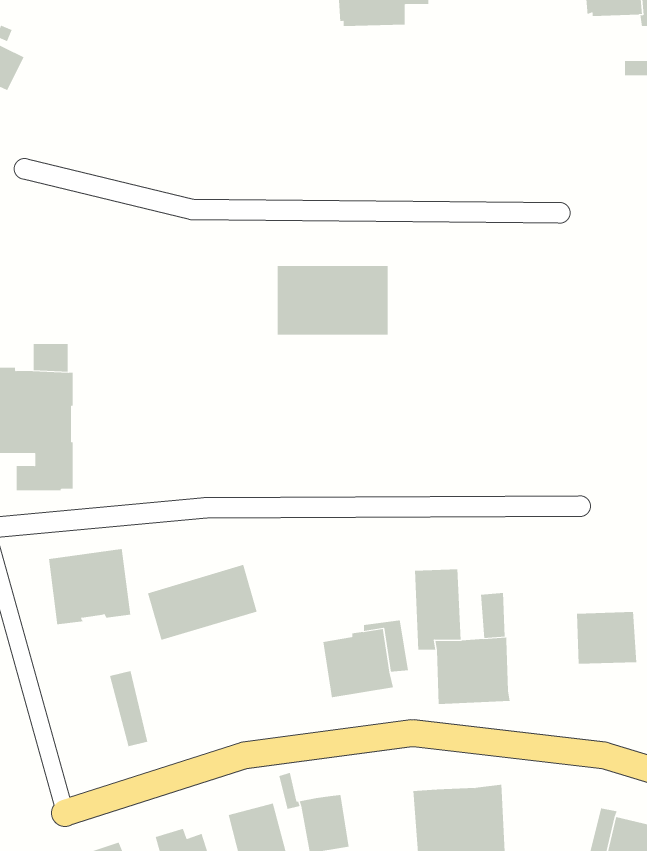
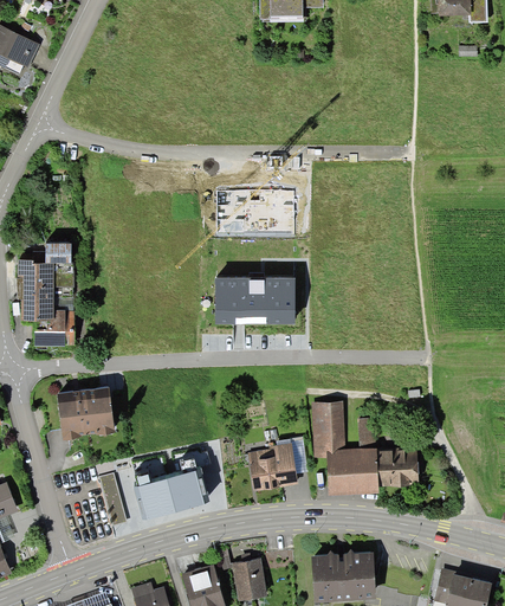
building: none -> [215,277,293,323]
building: [147,564,257,641] -> [132,466,209,520]
building: [576,612,637,664] -> [376,449,419,485]

